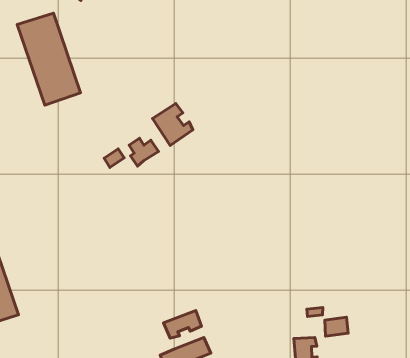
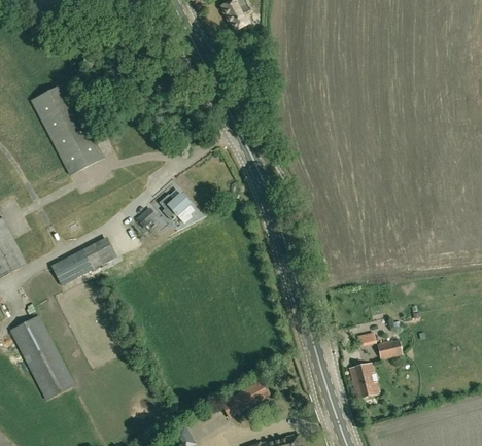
building: [152,104,193,146] -> none
building: none -> [50,238,116,285]
building: [163,310,202,338] -> none

